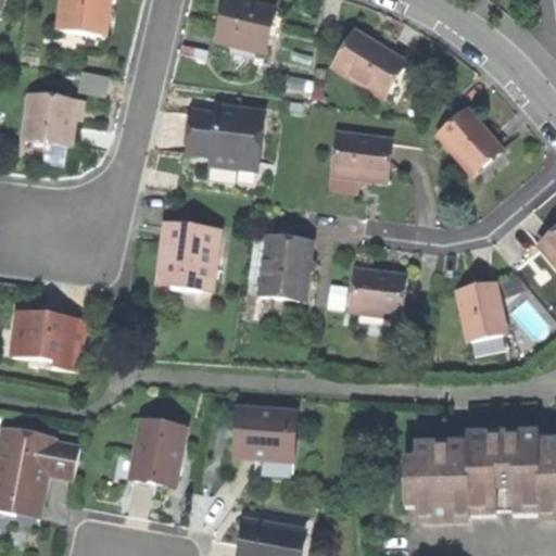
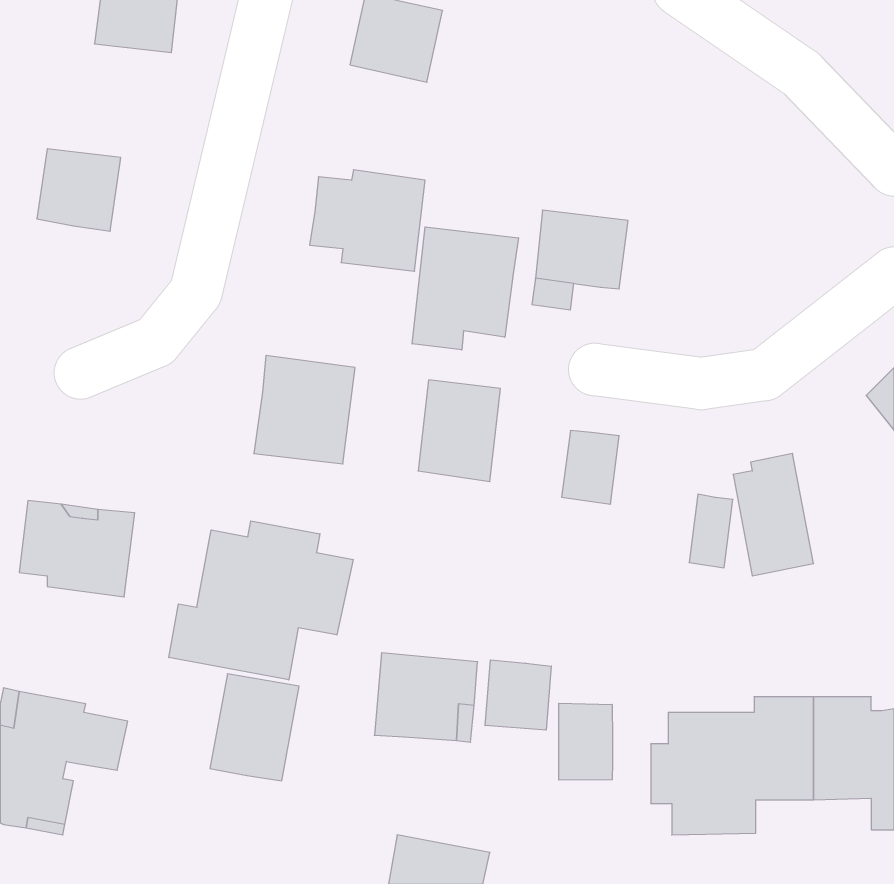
building: [333,29,403,96] -> none
building: [438,109,500,173] -> none
building: none -> [412,227,518,350]
building: [379,270,406,316] -> [689,494,733,568]
building: none -> [169,521,353,680]
building: none -> [485,660,551,730]
building: none -> [559,703,613,780]

